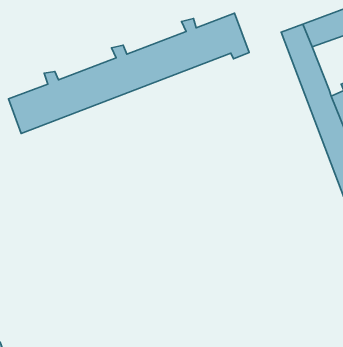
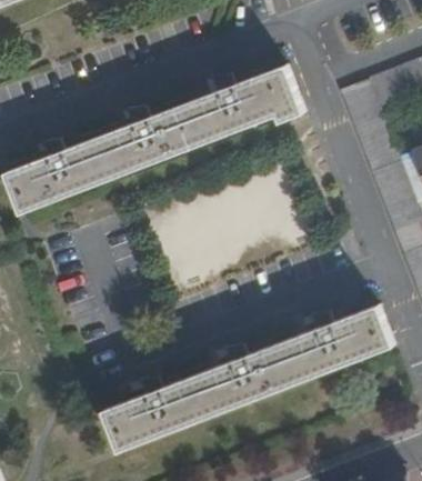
building: none -> [107,302,393,445]

